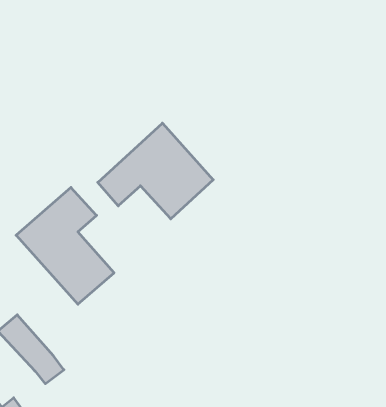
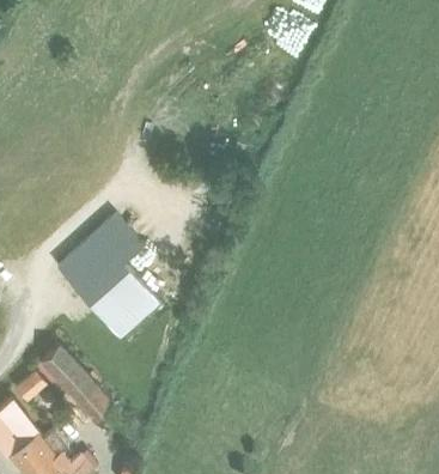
building: [98,123,213,219] -> none

